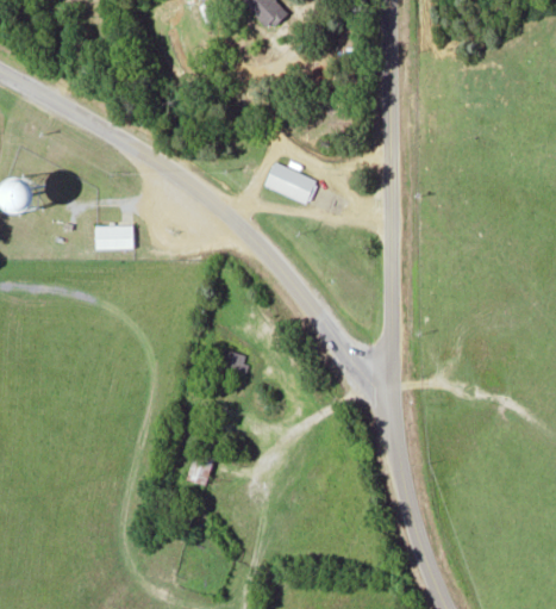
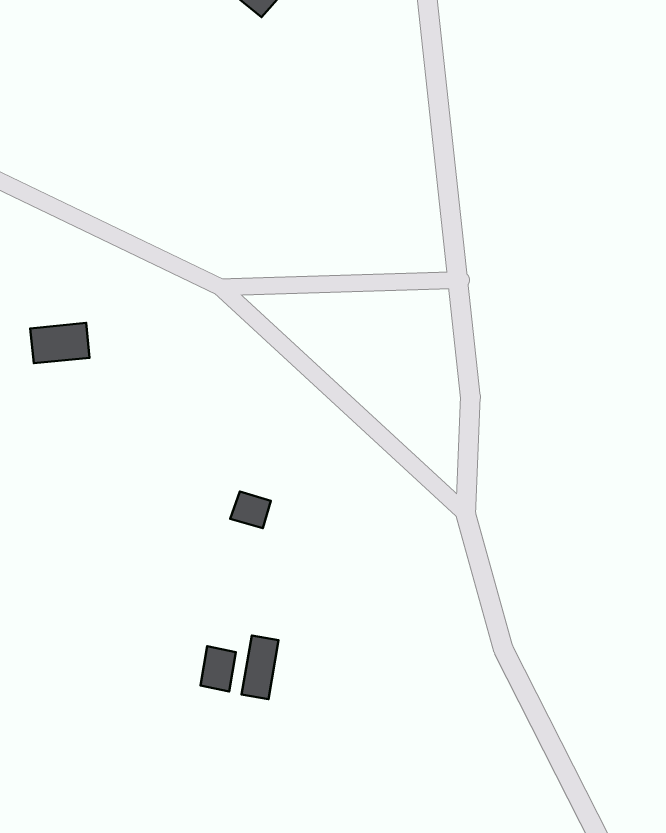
building: [264,162,316,204] -> none
building: none -> [242,635,279,699]

